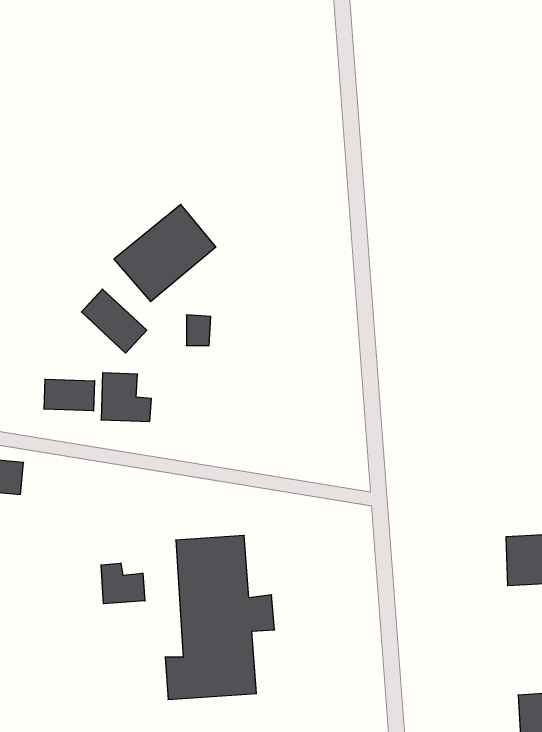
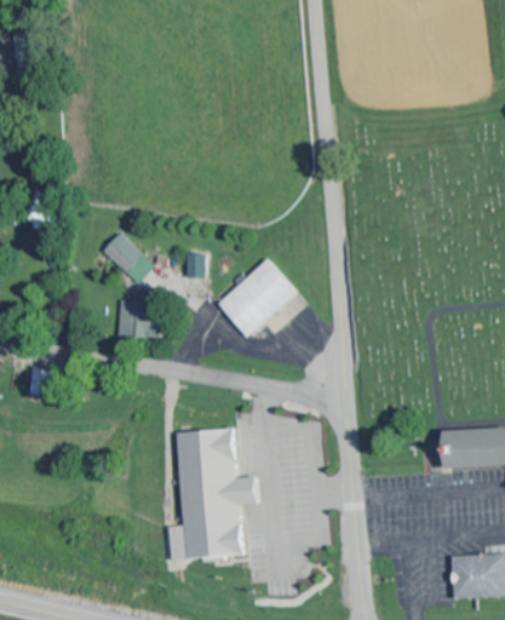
building: [114,204,216,302] -> [217,259,298,337]
building: [44,379,95,411] -> none
building: [101,563,145,604] -> none

